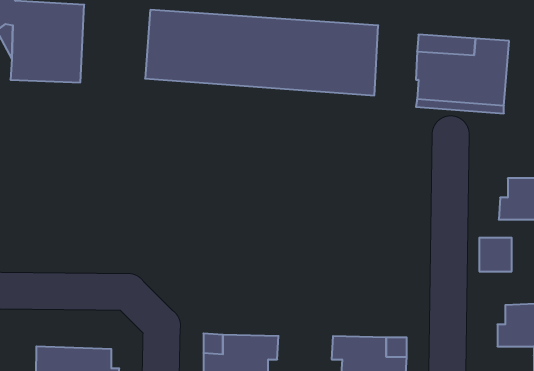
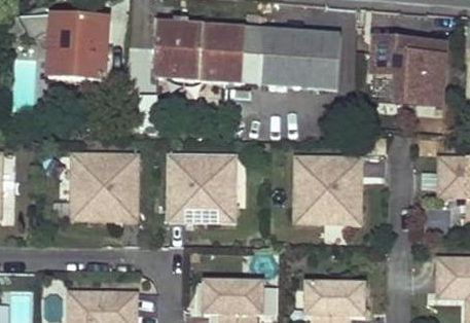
building: none -> [70,152,138,220]
building: none -> [167,153,233,221]
building: none -> [293,155,360,223]

